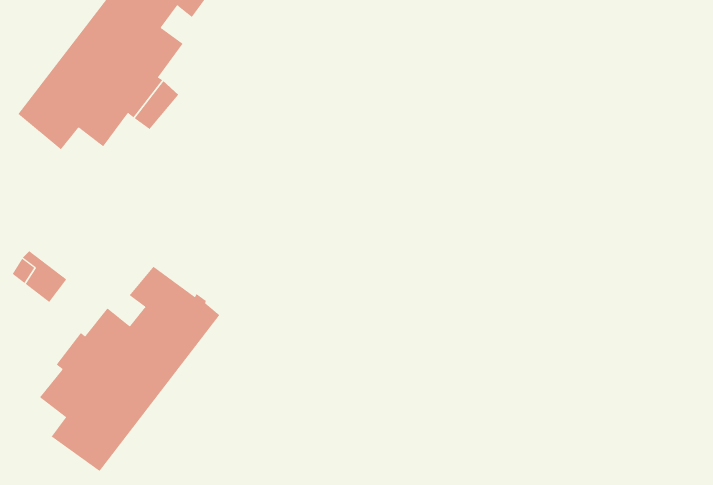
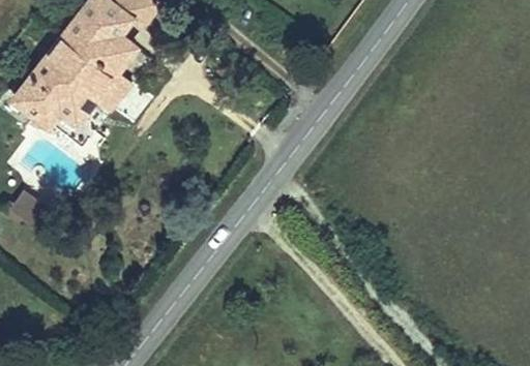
building: [39,266,220,472] -> none

